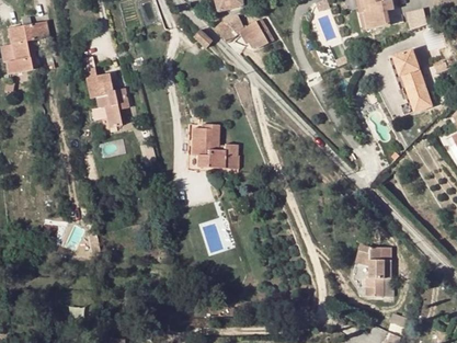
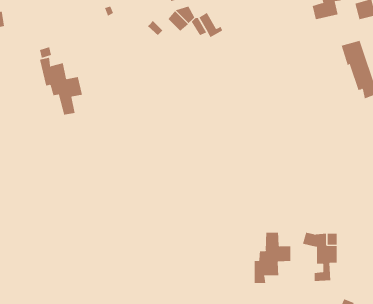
building: [187,123,239,169] -> none
building: none -> [254,232,291,284]

